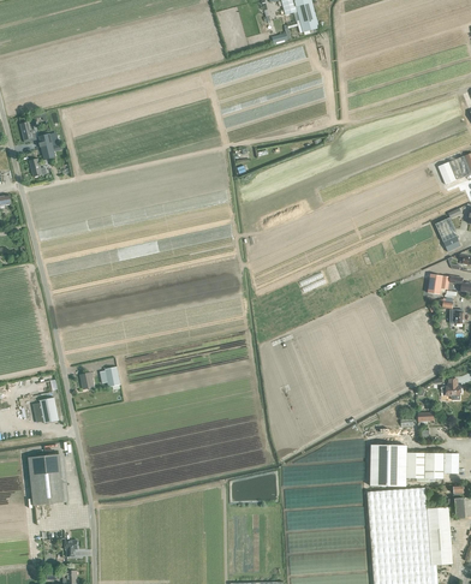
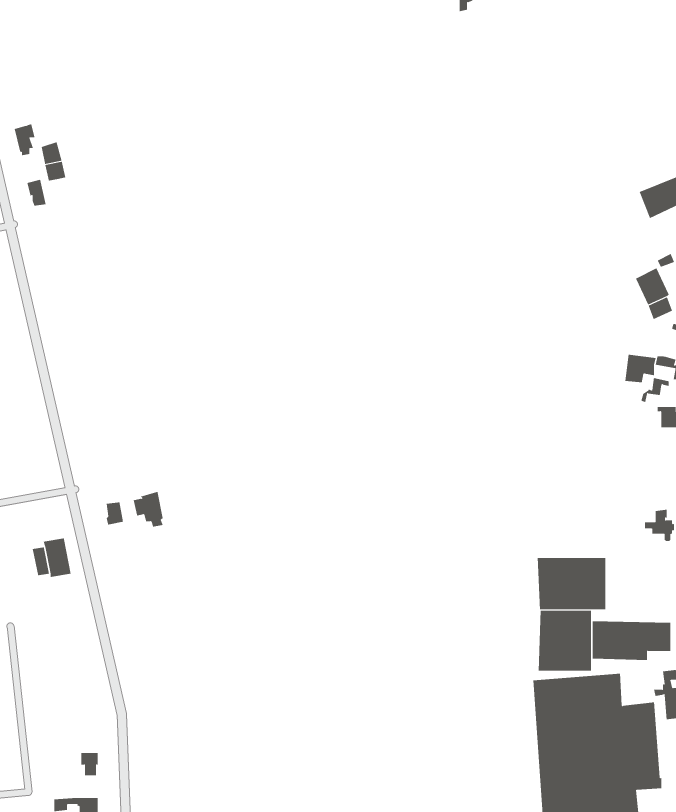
building: none -> [537,557,606,610]
building: [28,454,64,506] -> none

